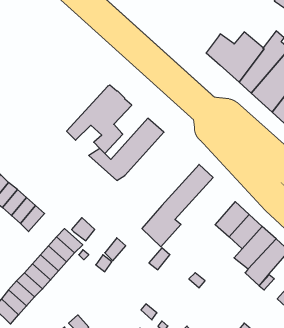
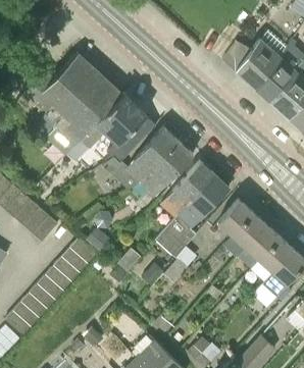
building: none -> [20,54,121,145]
building: none -> [131,142,193,199]
building: none -> [162,161,214,216]
building: none -> [217,200,251,235]

